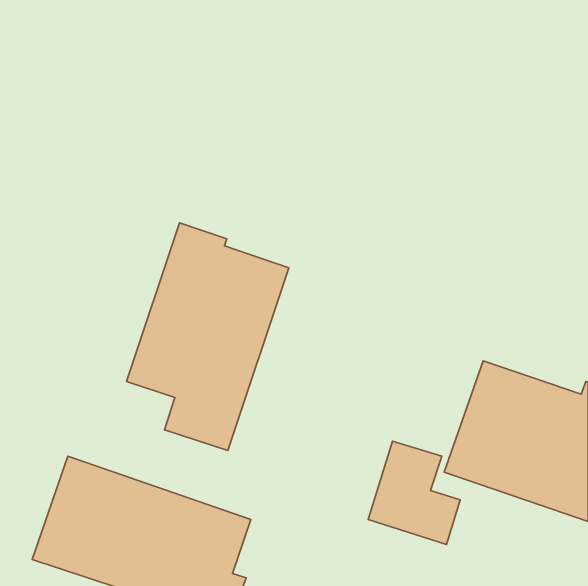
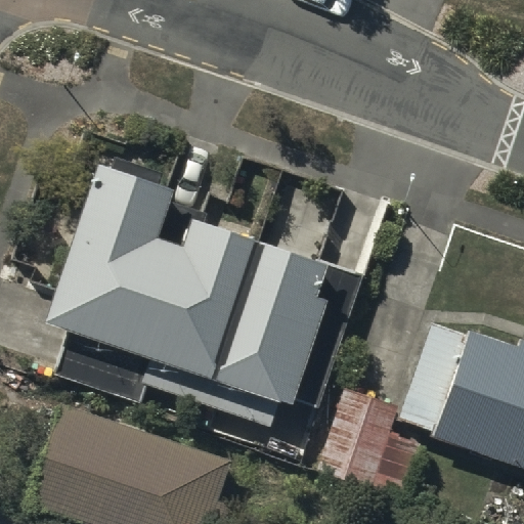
building: none -> [53,169,163,401]
building: none -> [203,239,362,426]

